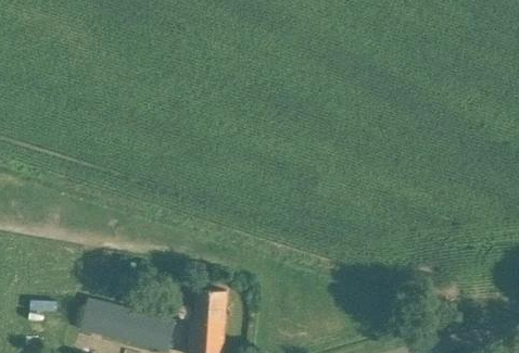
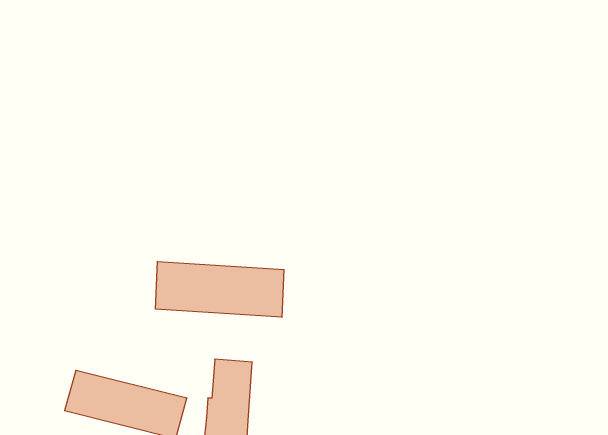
building: none -> [156,261,284,317]

